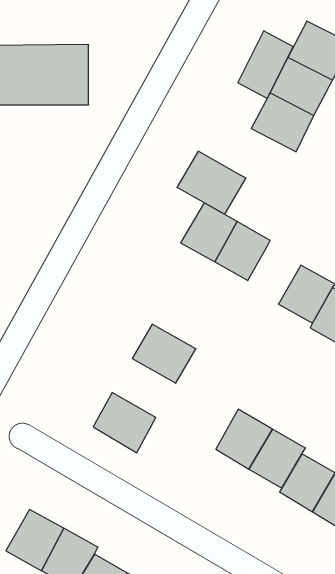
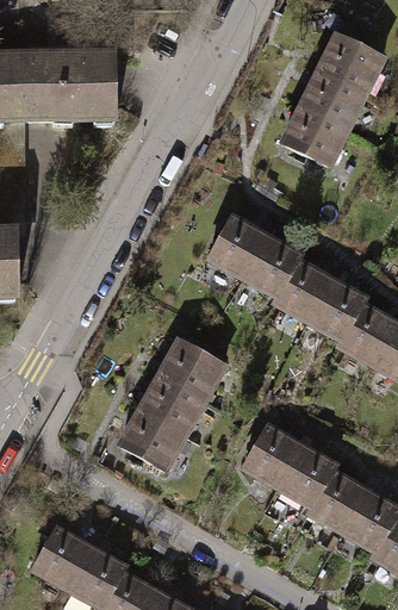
building: [238,31,293,99] -> none
building: [177,151,246,214] -> none
building: none -> [274,260,330,319]
building: none -> [139,374,204,434]

